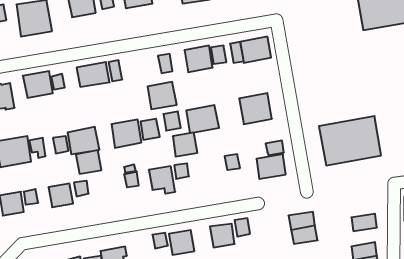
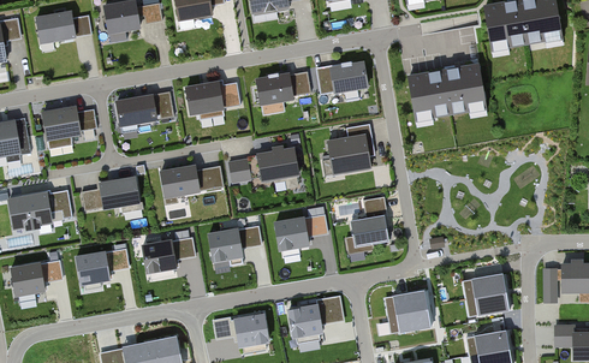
building: [148,82,177,109] -> [185,79,224,115]
building: [319,116,381,165] -> [407,58,489,123]
building: [173,133,197,156] -> [276,218,309,249]
building: [76,150,101,174] -> [143,240,177,272]
building: none -> [472,273,507,297]

